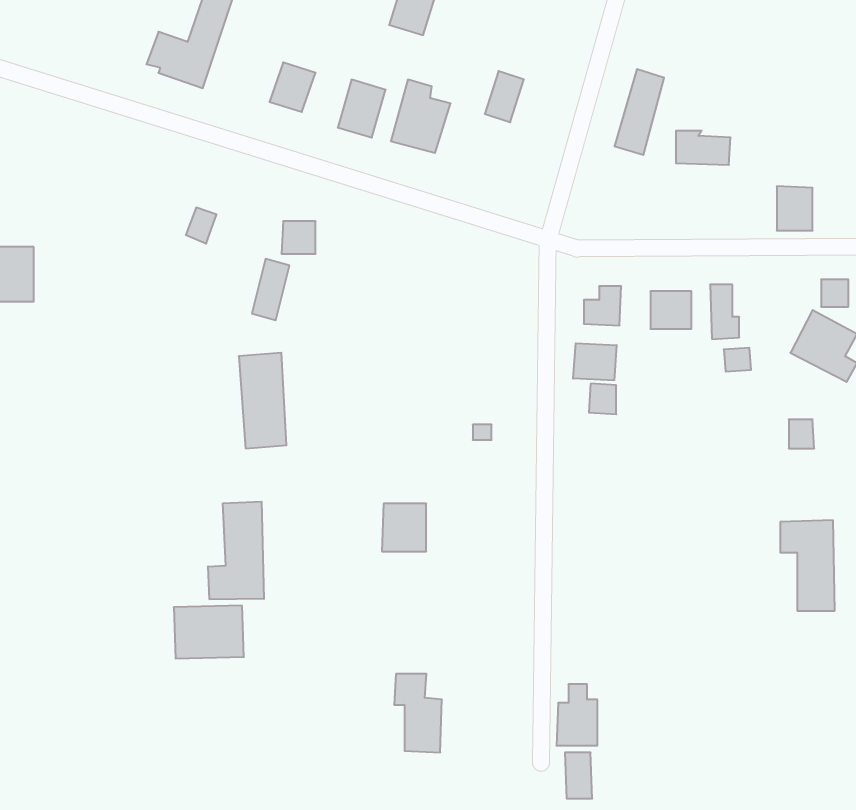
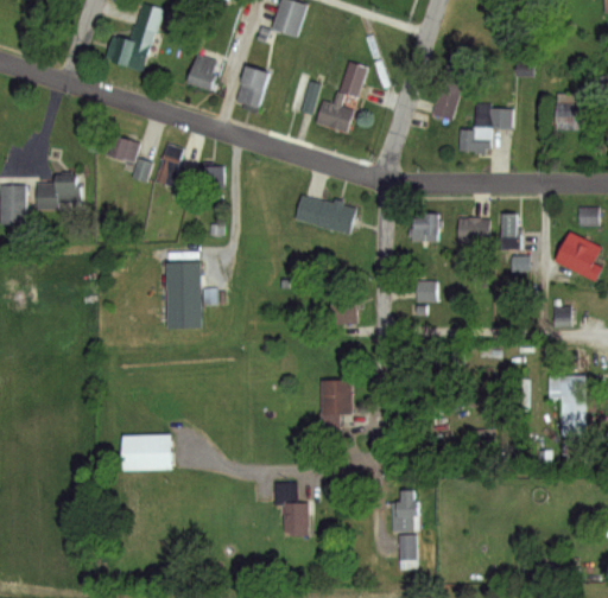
building: none -> [317,93,355,133]
building: none -> [461,132,494,154]
building: none -> [106,133,141,161]
building: [777,186,813,231] -> [558,95,583,126]
building: none -> [39,173,83,209]
building: [252,259,289,320] -> [159,142,185,185]
building: none -> [294,193,353,233]
building: [573,343,617,380] -> none
building: [208,502,264,599] -> none
building: [382,504,426,551] -> [317,380,348,413]

